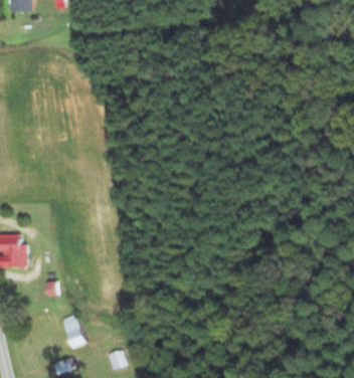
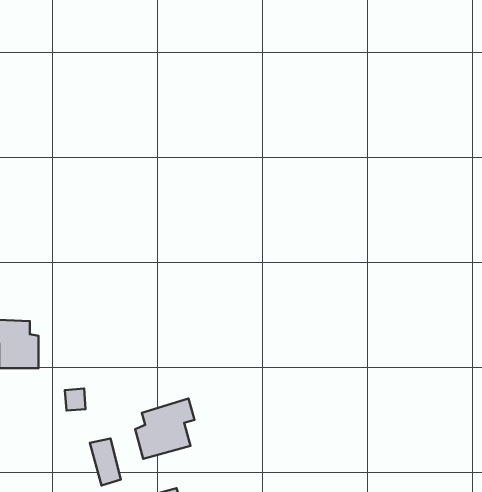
building: none -> [135,398,195,459]

